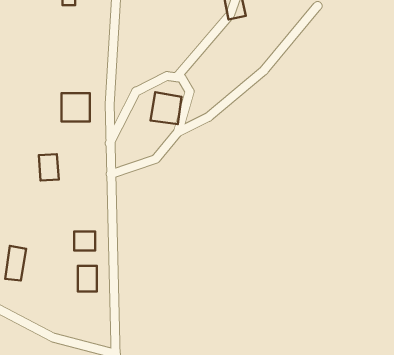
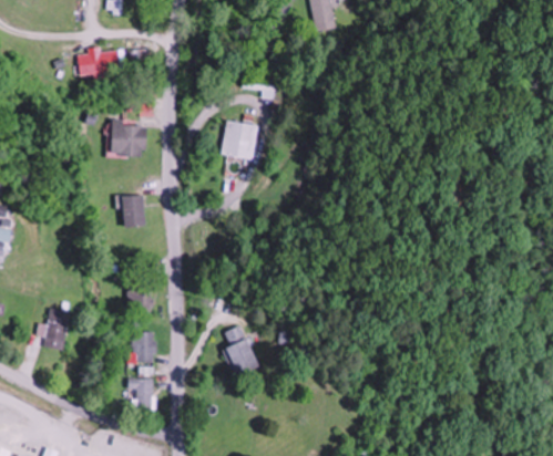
building: none -> [78,49,119,76]
building: [39,154,59,181] -> [122,195,146,227]
building: none -> [222,325,258,377]
building: none -> [127,379,153,410]

